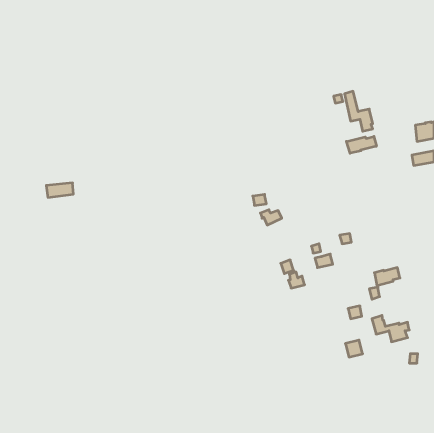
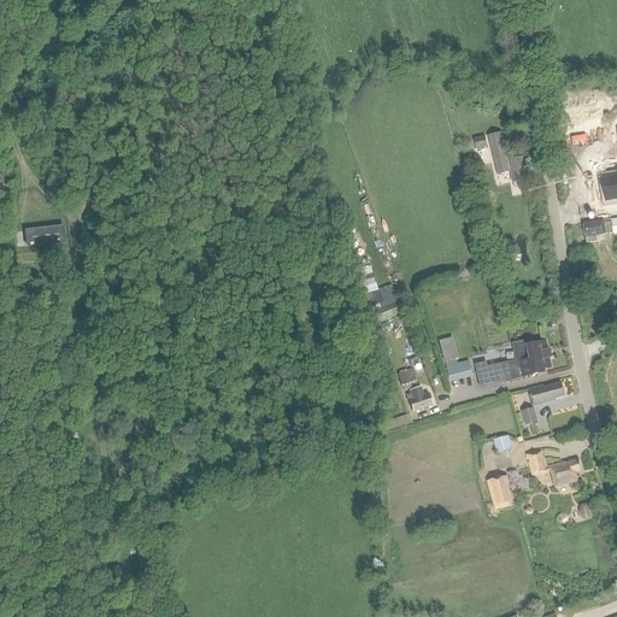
building: [346,136,376,153] -> none
building: [46,183,73,197] -> [24,223,63,243]
building: none -> [474,337,551,384]

